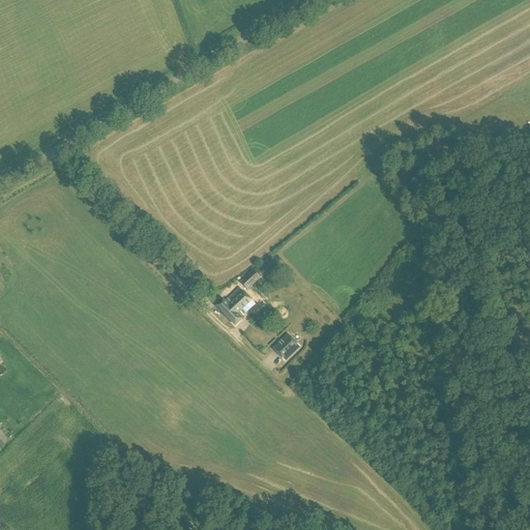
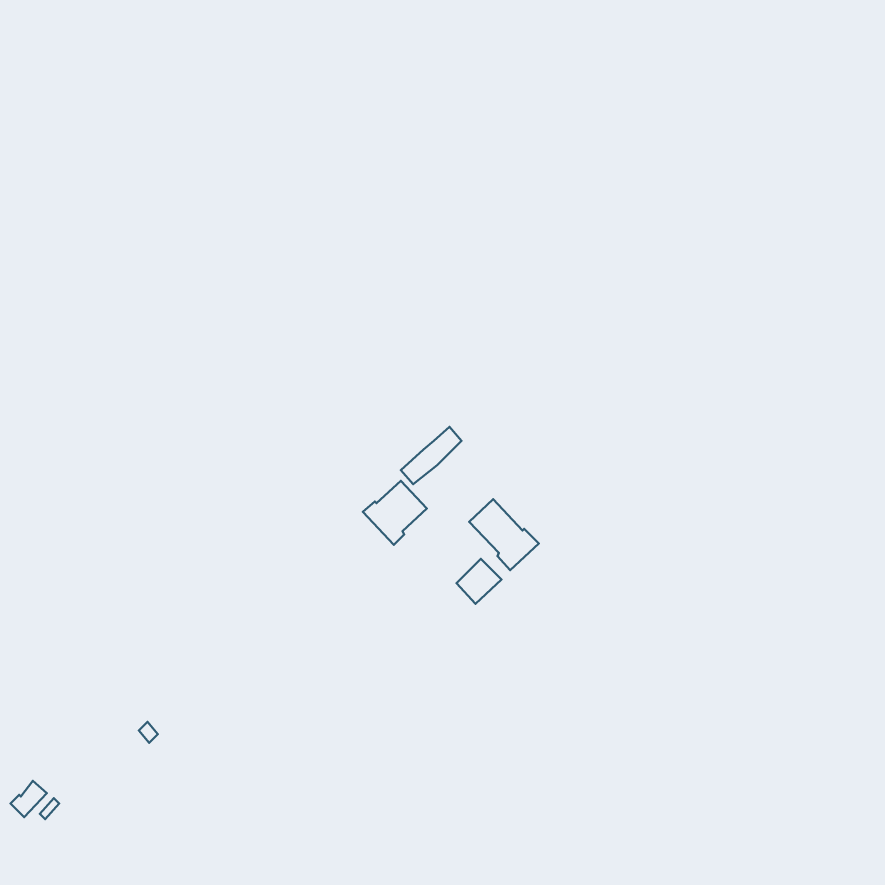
building: none -> [469,499,539,570]

